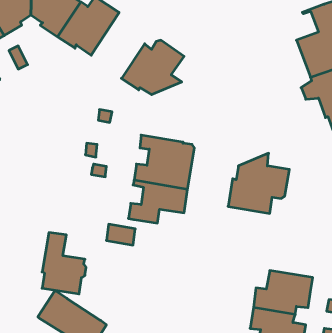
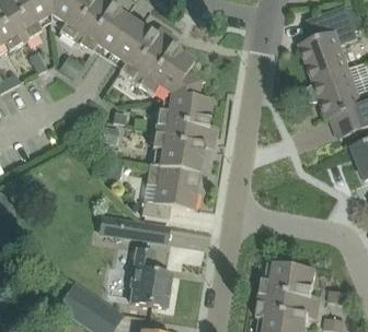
building: none -> [106,19,157,81]
building: [228,153,289,213] -> [153,84,211,141]
building: [42,233,86,294] -> [130,248,172,306]

